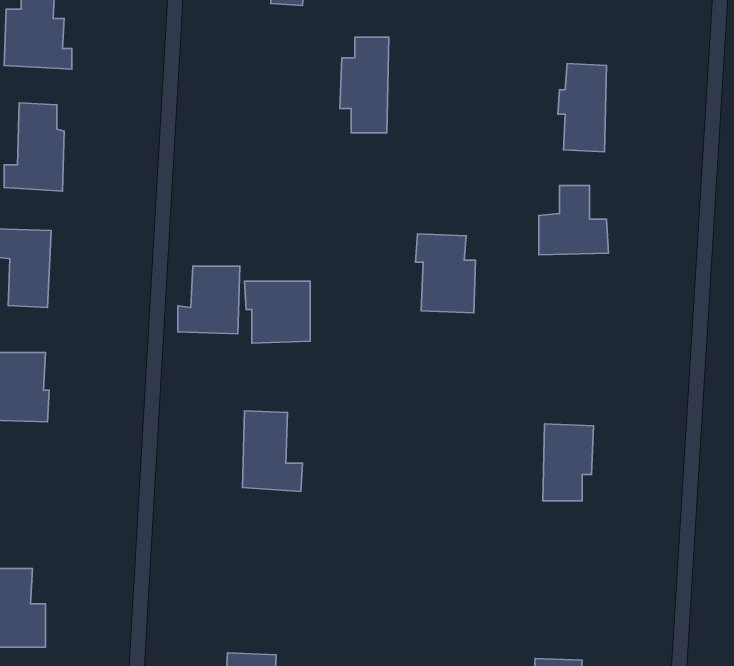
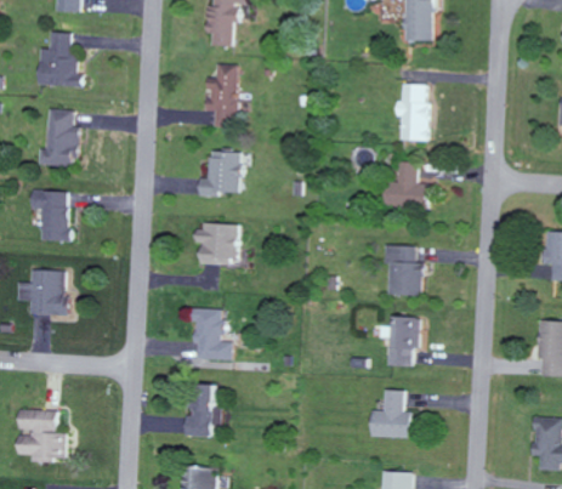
building: [340,37,389,133] -> [205,64,237,126]
building: [416,234,476,313] -> [382,245,421,296]
building: [178,266,240,334] -> [198,152,238,195]
building: none -> [183,385,220,437]
building: none -> [370,391,411,438]

